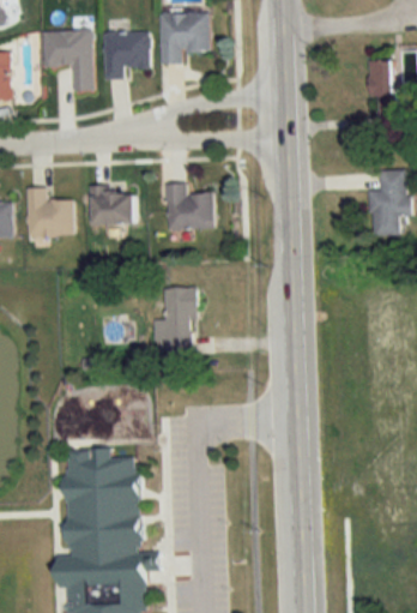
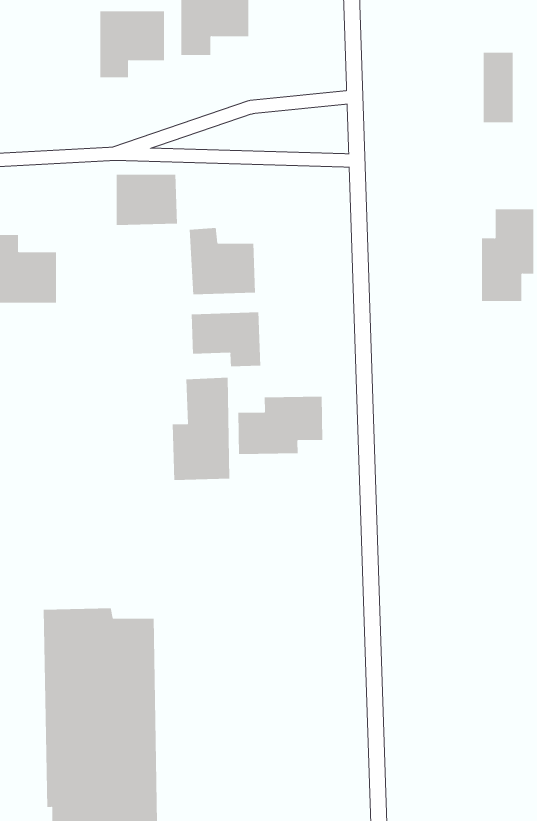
building: [42,30,92,90] -> none
building: [91,190,134,226] -> [116,174,178,226]
building: none -> [191,311,261,367]
building: none -> [238,396,323,455]

